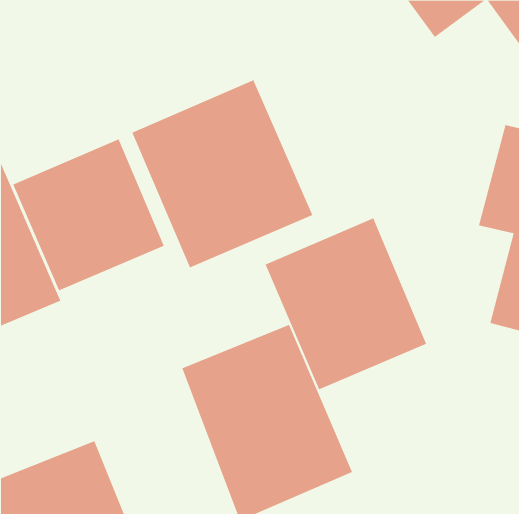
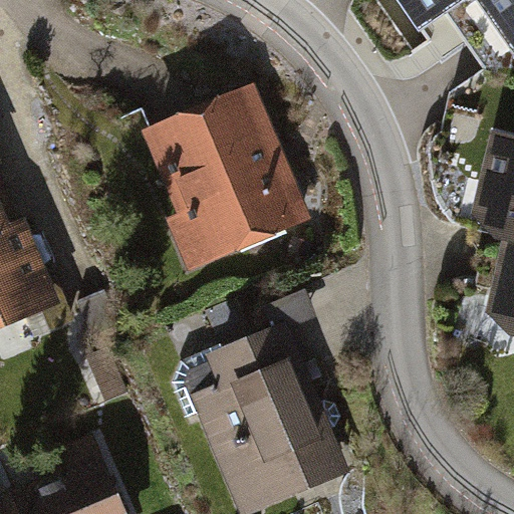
building: [13,138,164,291] -> none
building: [265,218,427,390] -> none

